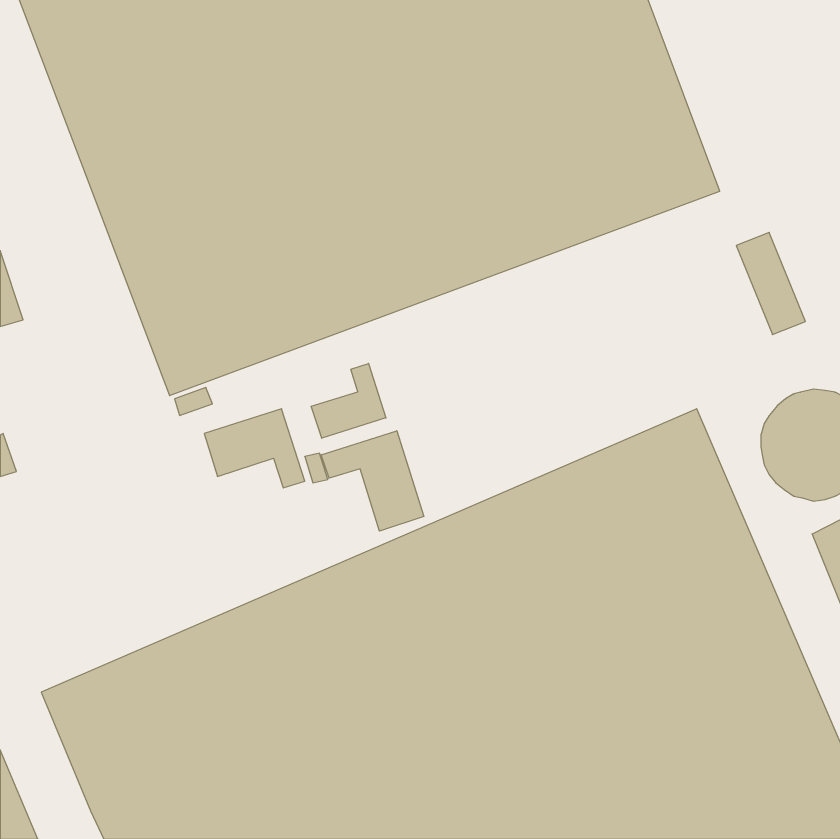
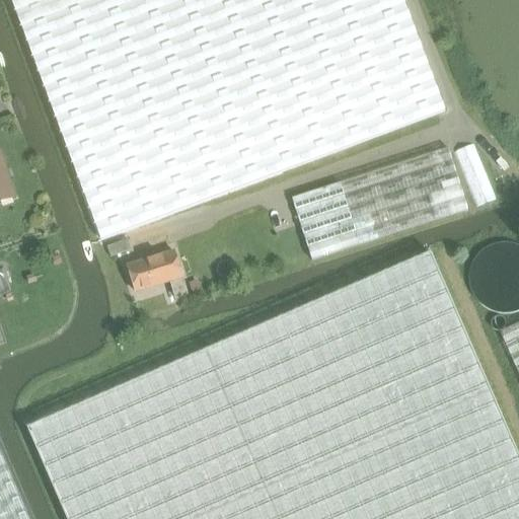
building: none -> [292,145,464,258]
building: [311,363,386,438] -> none
building: [321,431,424,531] -> none

